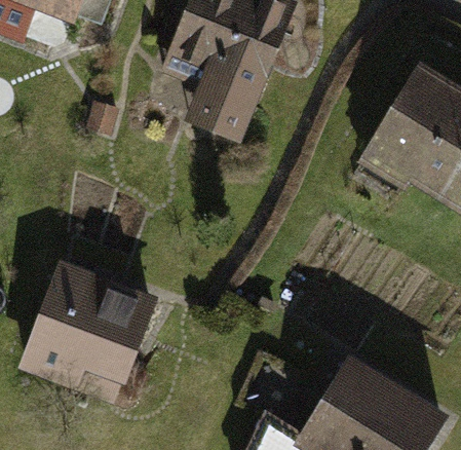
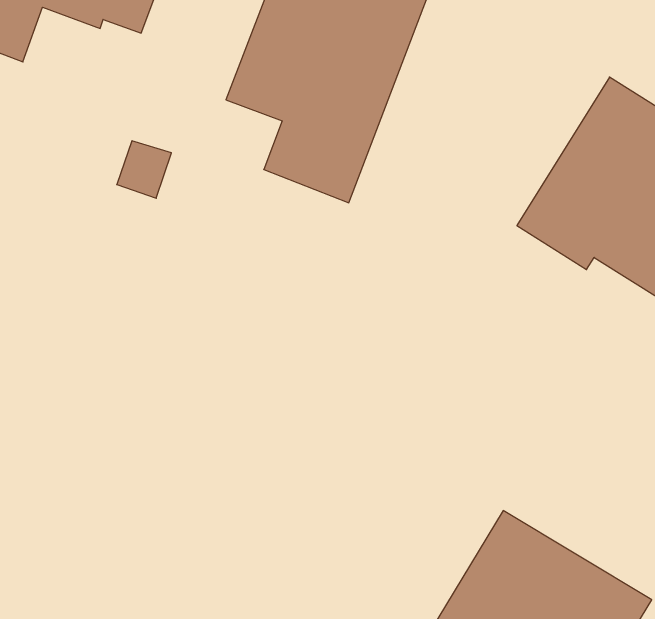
building: [16,260,158,402] -> none

